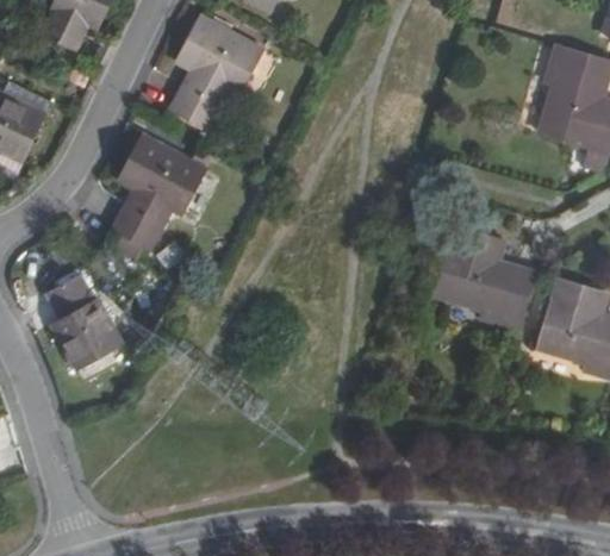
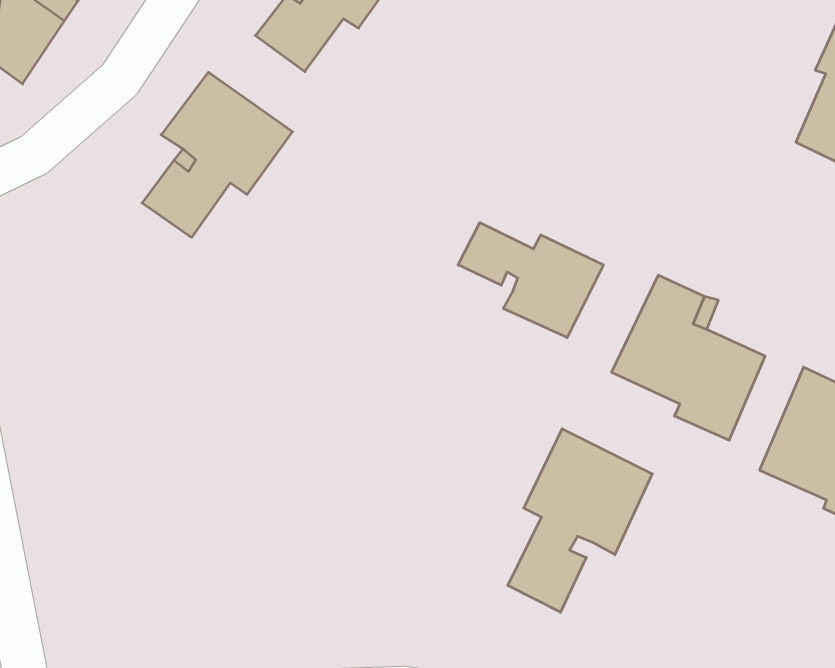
building: none -> [458,223,603,338]
building: [46,279,123,371] -> none
building: none -> [508,429,652,612]

